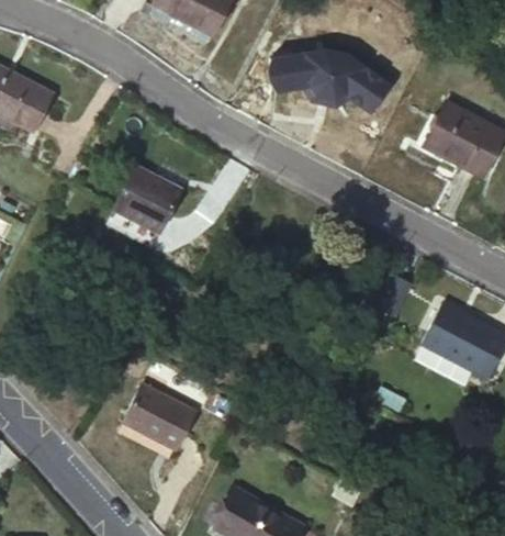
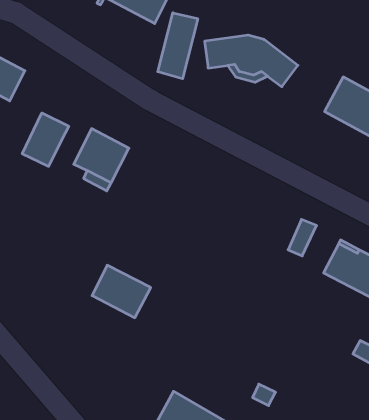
building: none -> [158,13,198,79]
building: none -> [22,113,69,166]
building: [123,384,195,449] -> [92,265,151,318]

